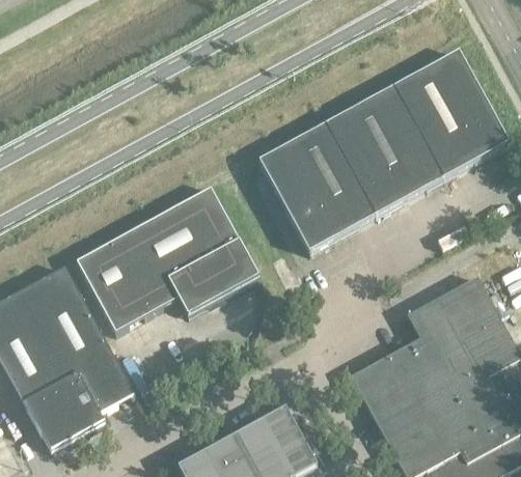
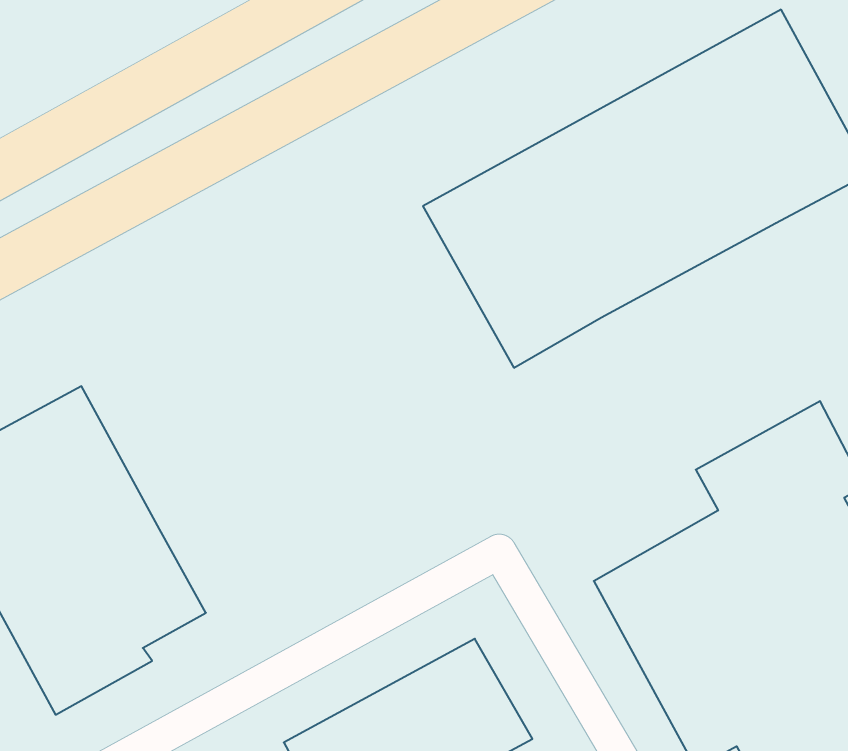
building: [77,185,260,329] -> none

